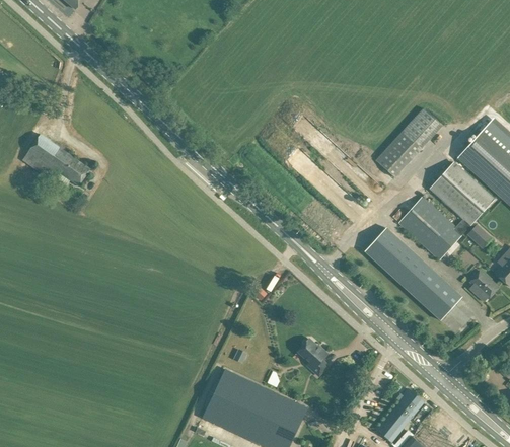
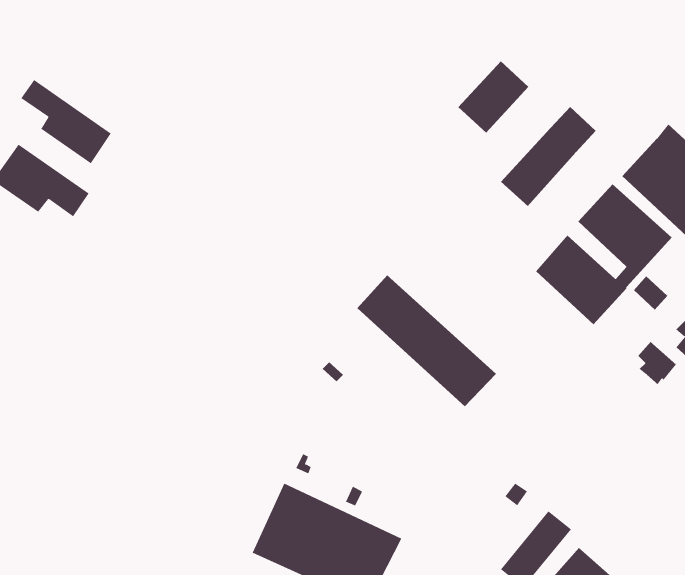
building: none -> [458,60,529,134]
building: none -> [20,79,112,164]
building: [364,227,461,319] -> [357,274,497,407]
building: [297,339,327,375] -> none

